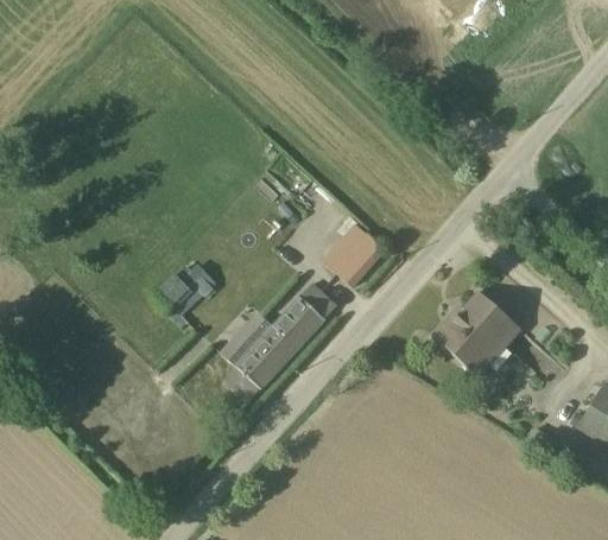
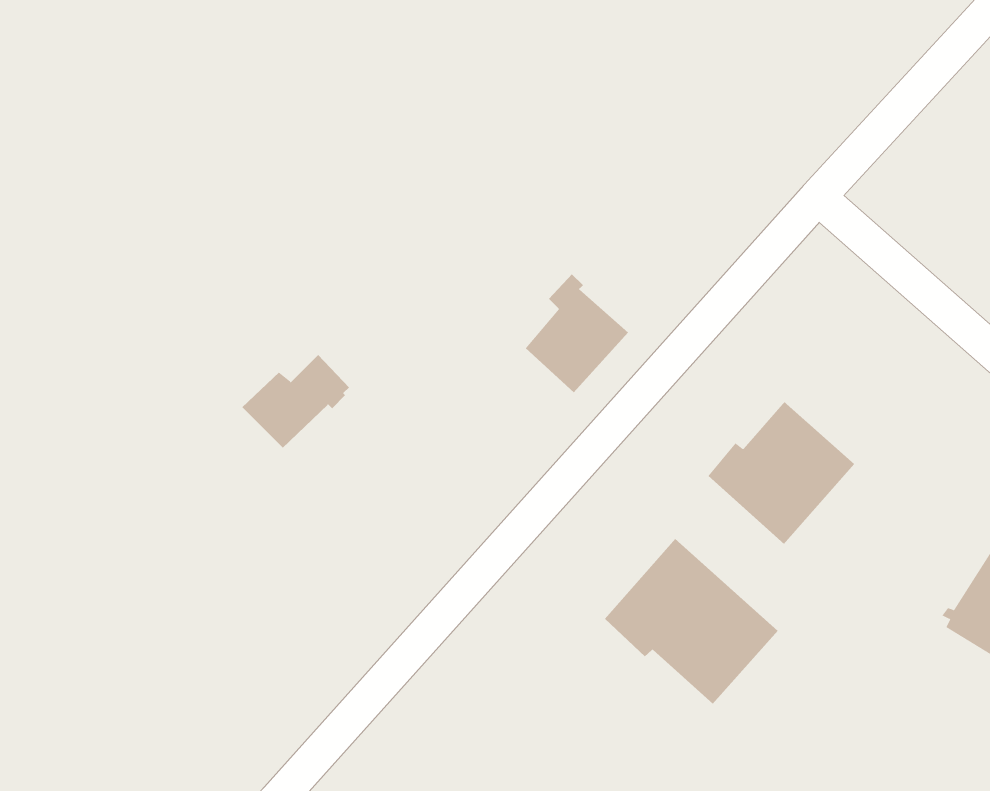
building: [220,282,338,400] -> none
building: none -> [604,538,778,705]

